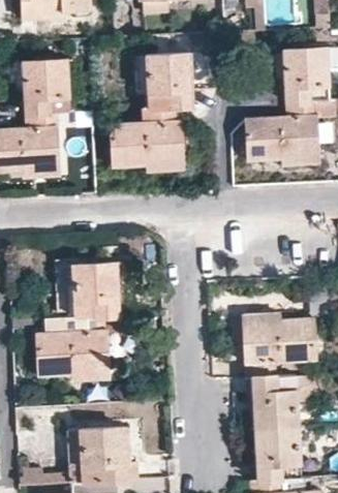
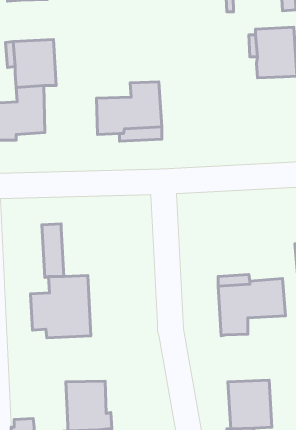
building: [147,53,192,106] -> none
building: [248,100,316,157] -> none
building: [74,261,118,315] -> none
building: [252,375,299,429] -> none

